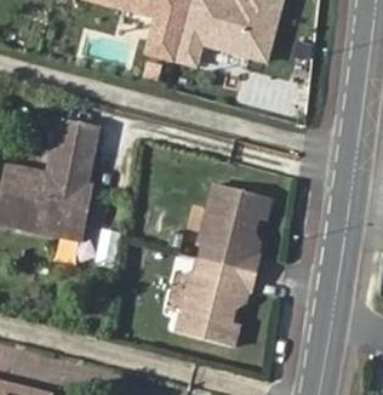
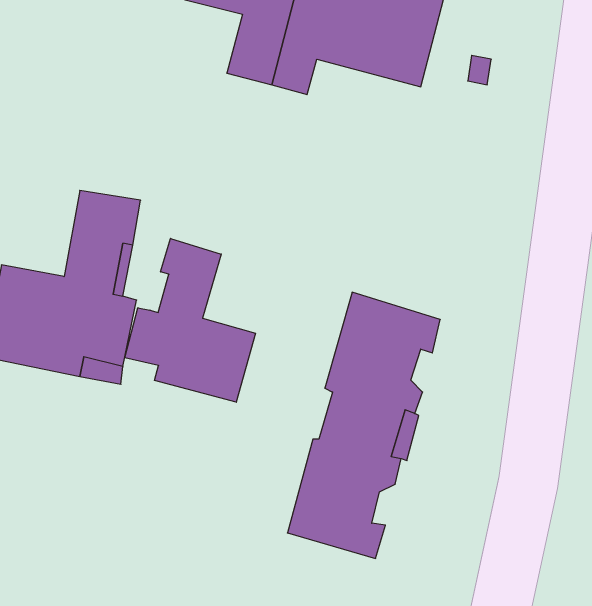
building: none -> [125,238,255,402]

